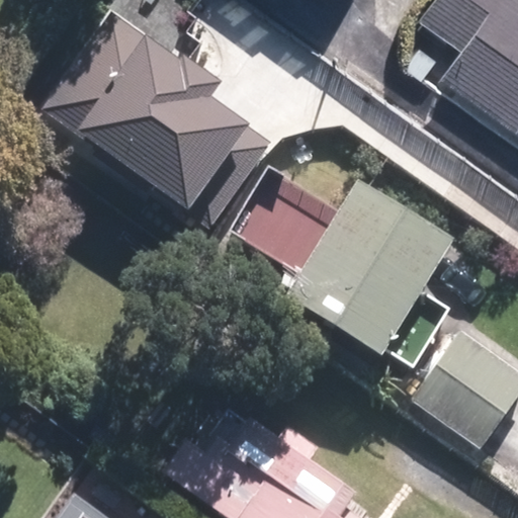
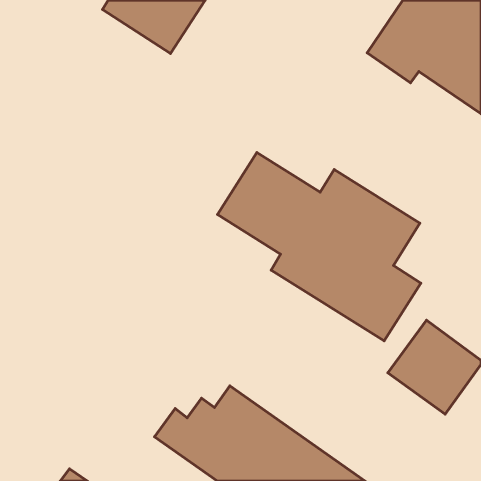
building: [40,21,251,217] -> none

